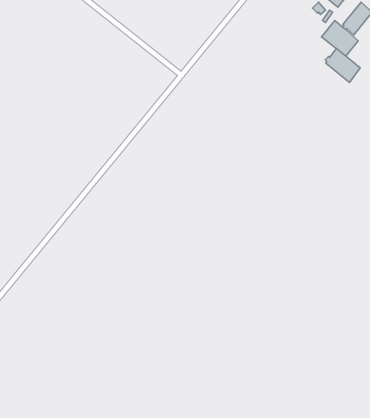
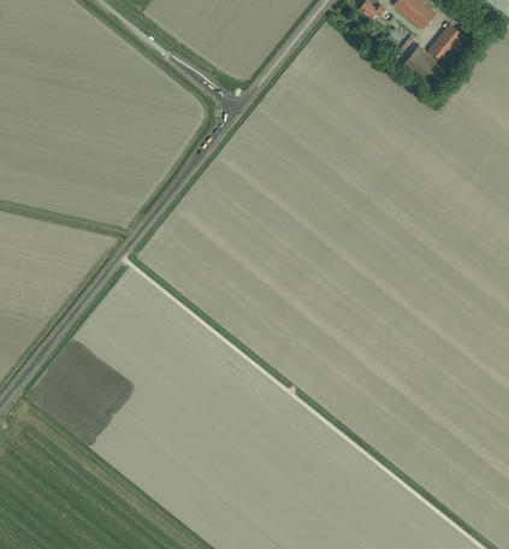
building: [325,49,360,82] -> none

